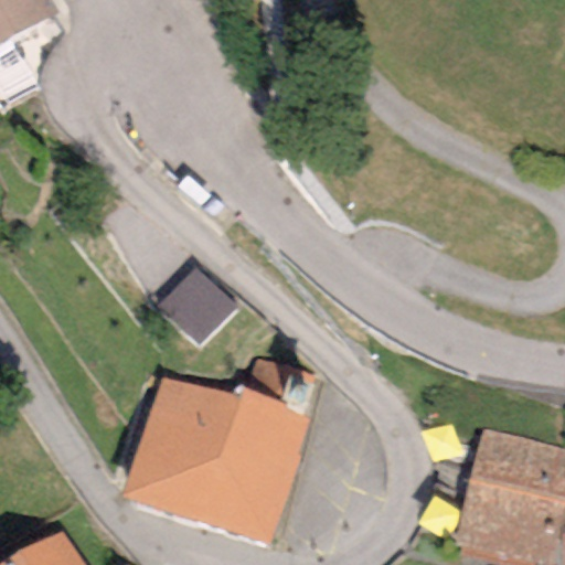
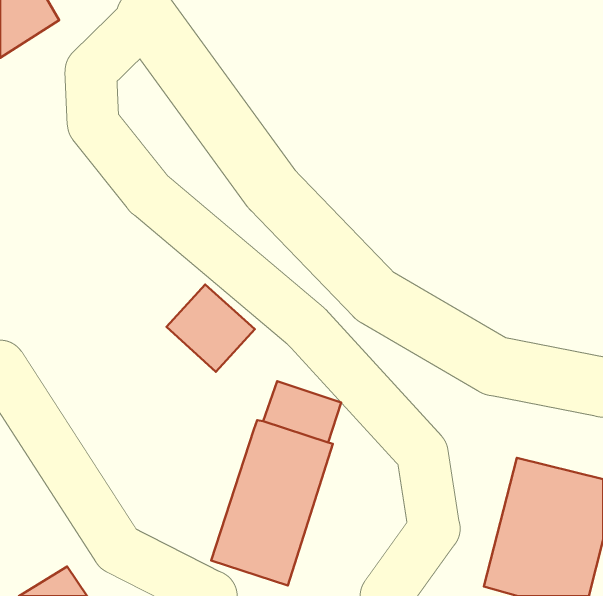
building: [124,380,237,524] -> none

